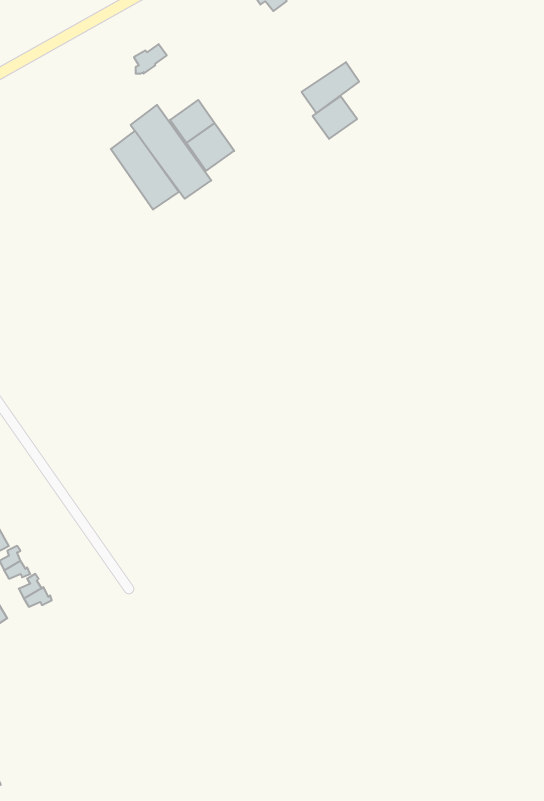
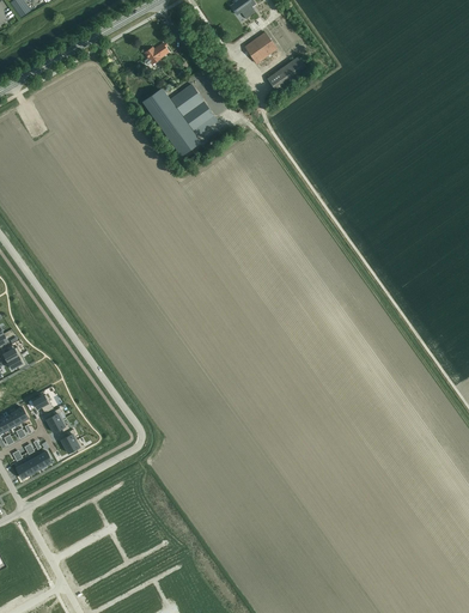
building: [313,96,357,139] -> [245,32,278,63]
building: [111,131,179,210] -> none

